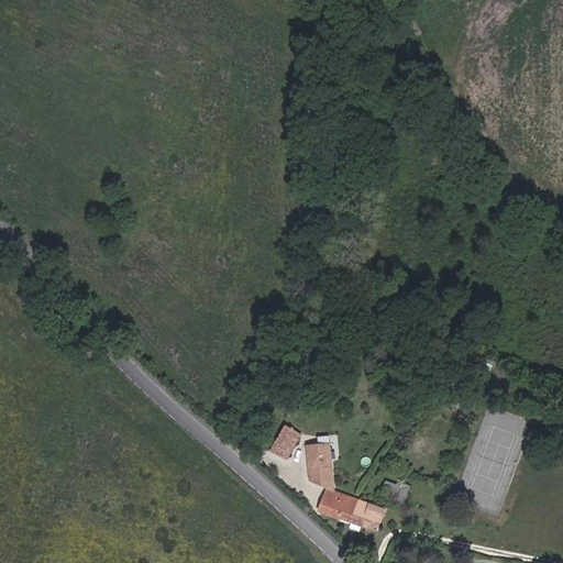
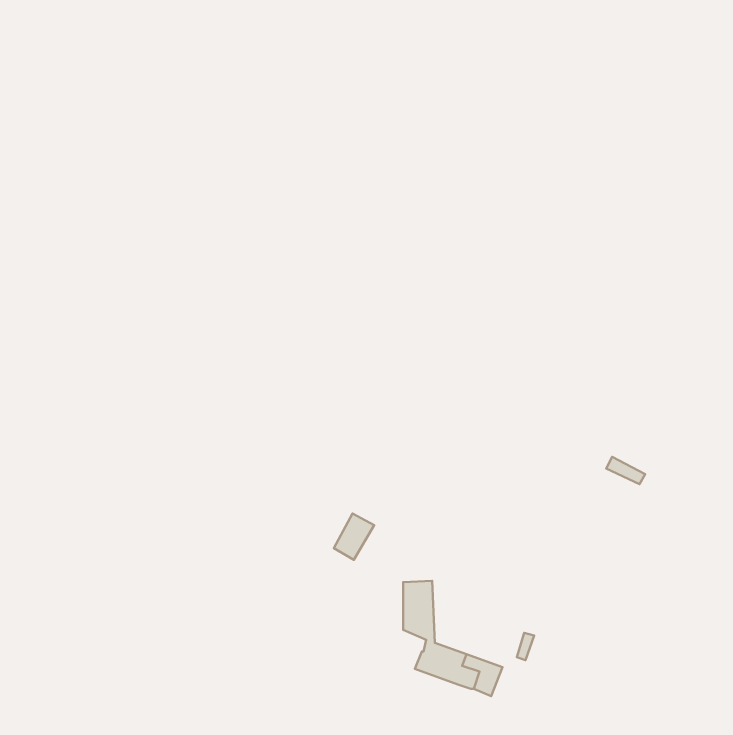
building: [269,424,300,460] -> [334,514,374,560]

